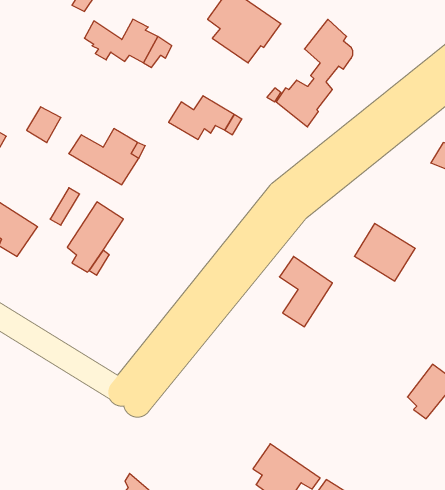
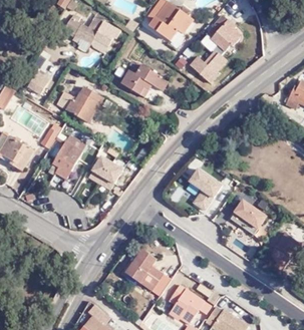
building: [354,223,415,281] -> [229,198,268,235]
building: none -> [87,153,124,191]
building: none -> [127,253,165,293]

